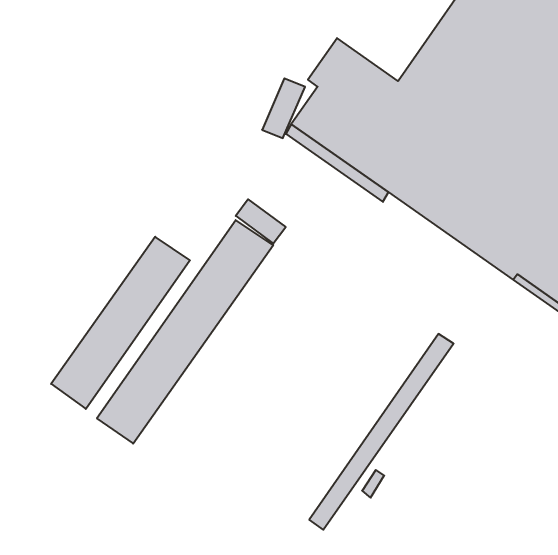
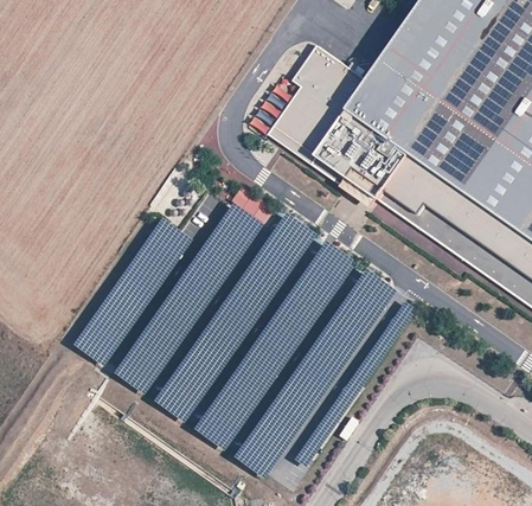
building: none -> [154,212,318,423]
building: none -> [193,241,358,450]
building: none -> [235,269,397,479]

